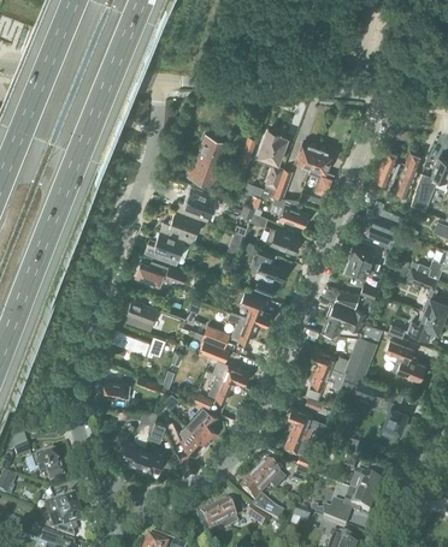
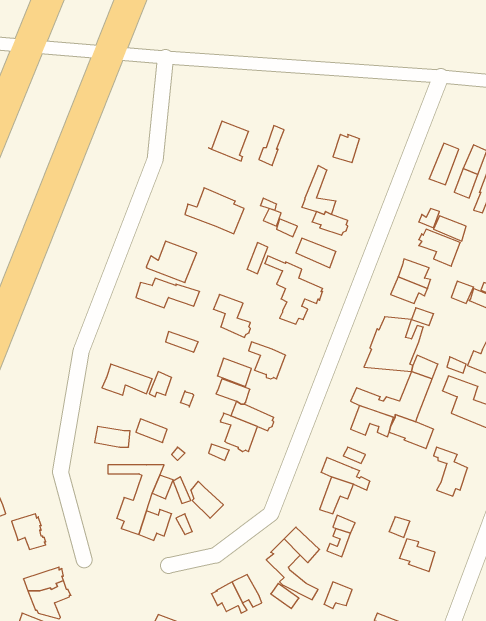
building: [259,130,288,197] -> none
building: [310,148,335,196] -> none
building: [188,155,222,186] -> none
building: [160,209,201,243] -> none
building: [241,292,271,327] -> [213,294,250,337]
building: [125,299,158,331] -> none
building: [187,409,219,445] -> none
building: [324,488,375,525] -> none

